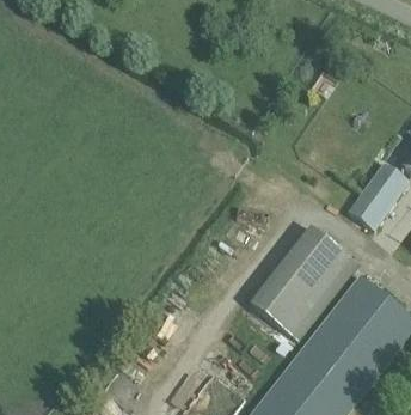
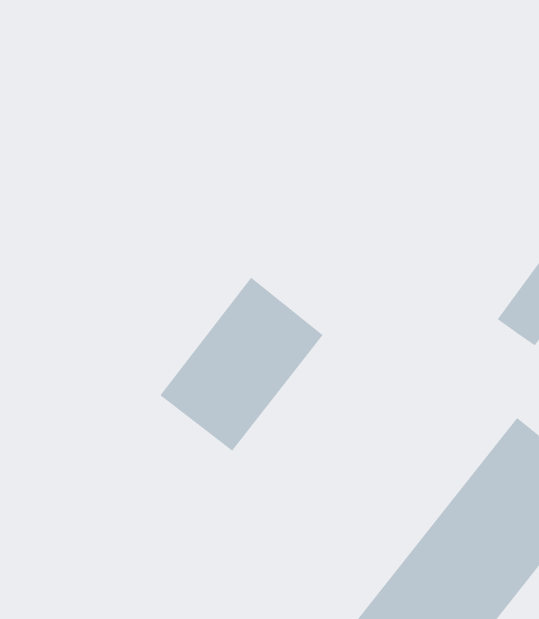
building: [251,225,358,340] -> [160,277,324,452]

